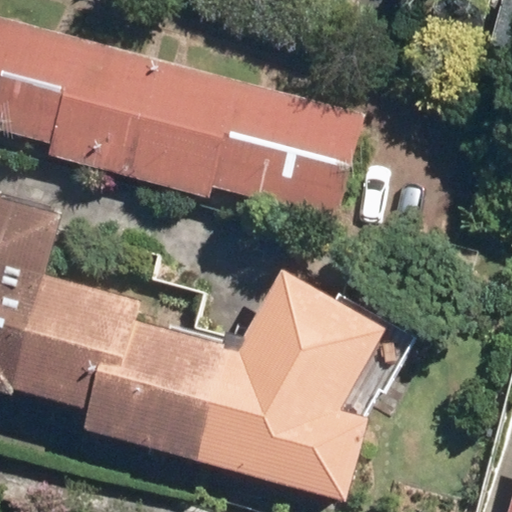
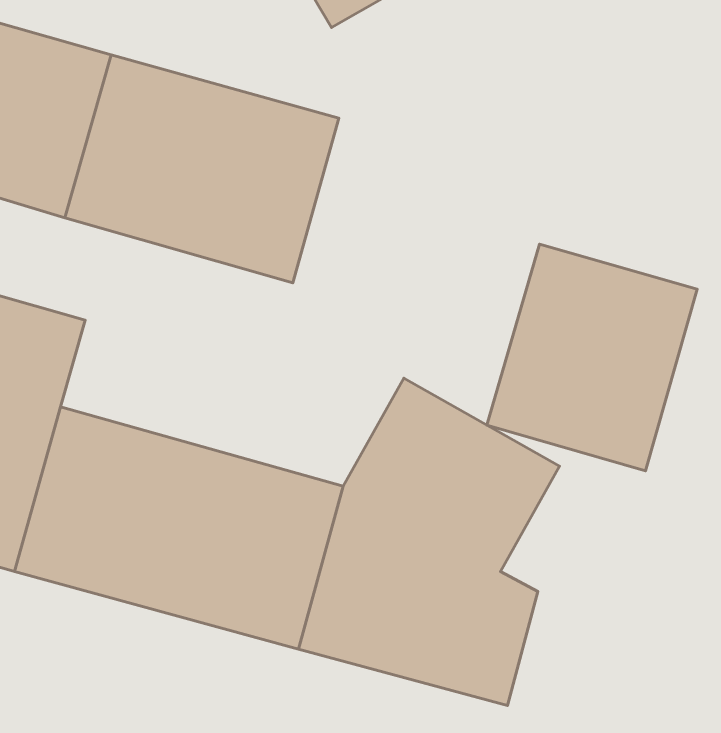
building: [203,82,360,232] -> none
building: none -> [487,244,697,471]

